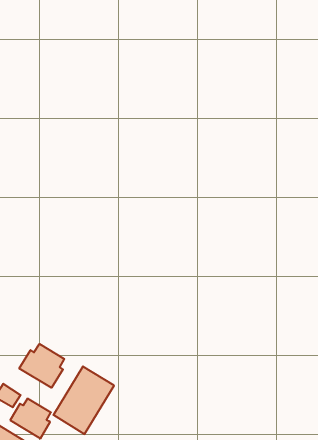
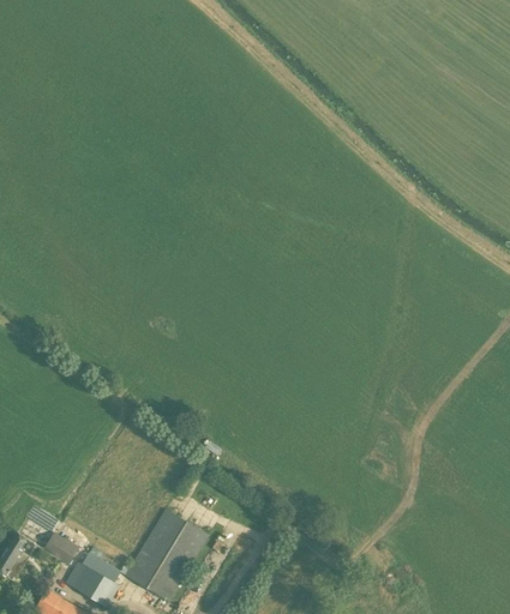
building: [19,344,64,388] -> none

